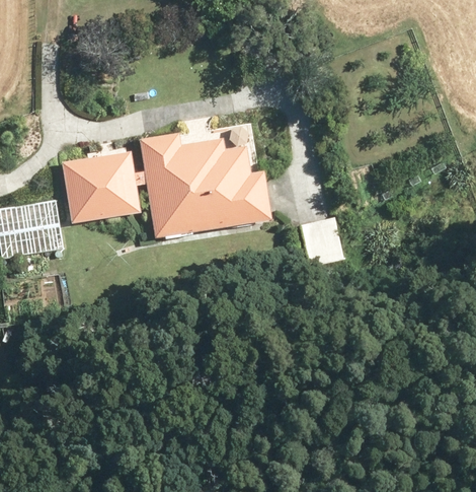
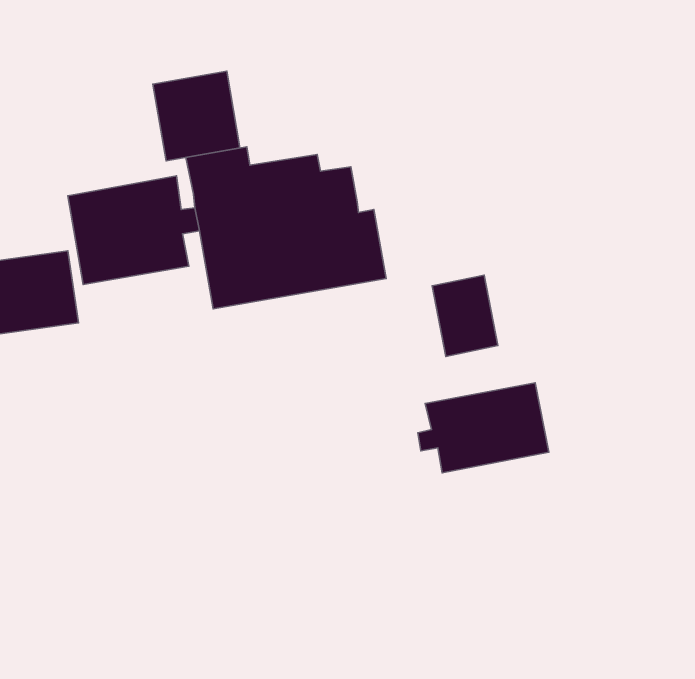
building: none -> [153,71,240,161]
building: none -> [418,383,549,473]

